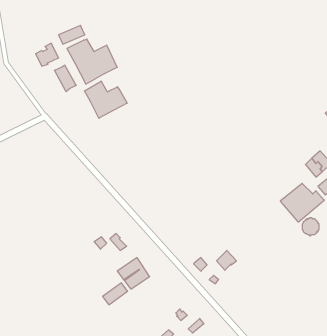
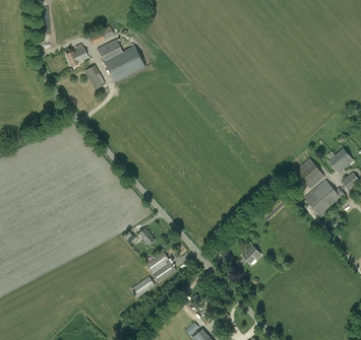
building: [84,81,127,118] -> none
building: none -> [295,157,323,187]

